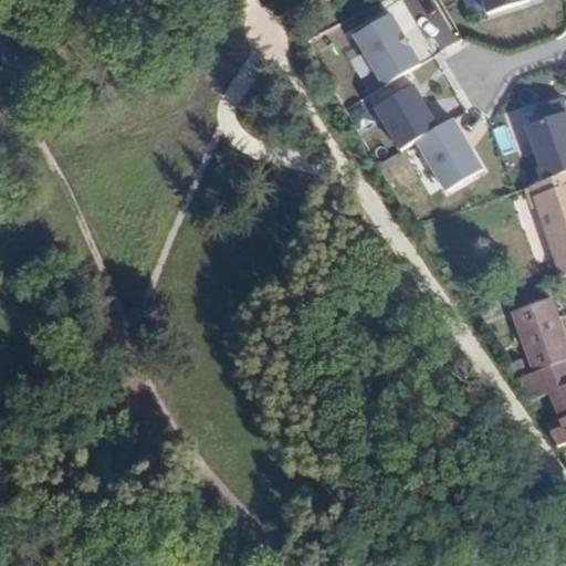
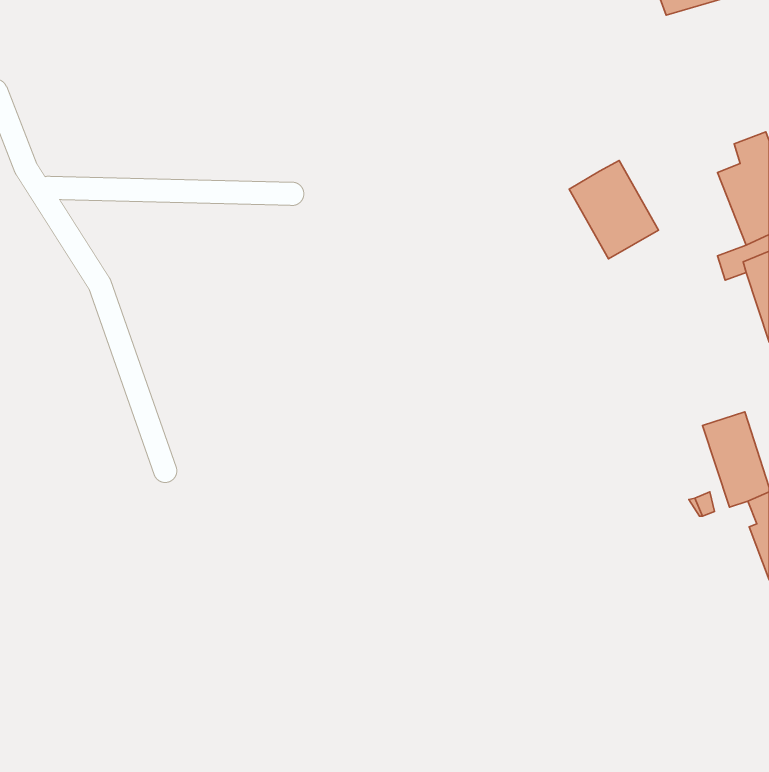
building: [354,12,419,83] -> none
building: [375,83,438,147] -> none

